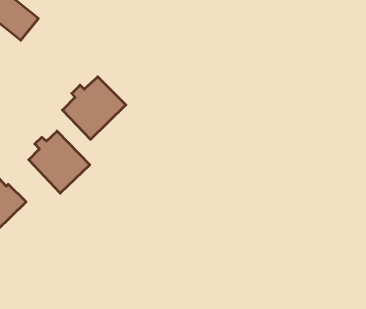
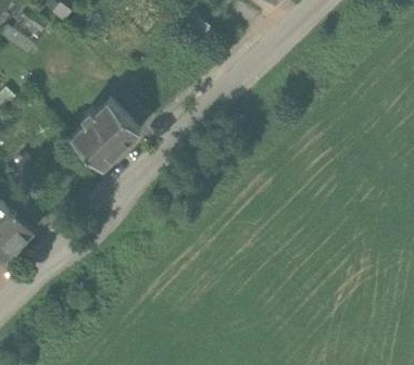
building: [29,131,90,193] -> none

